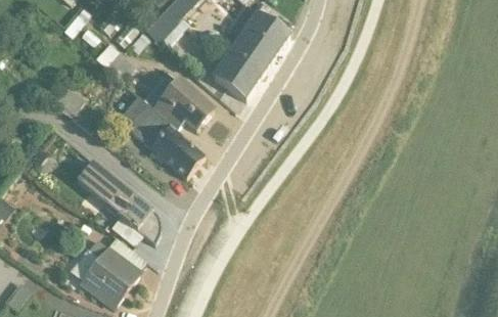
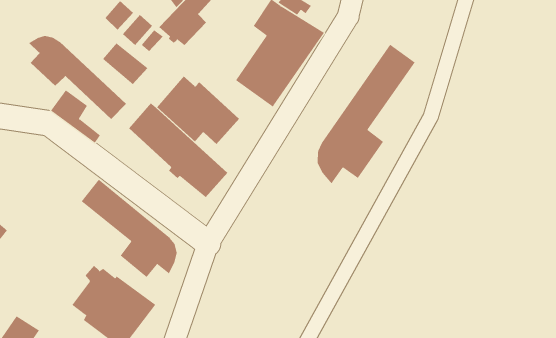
building: none -> [28,35,127,120]
building: none -> [317,44,416,184]

